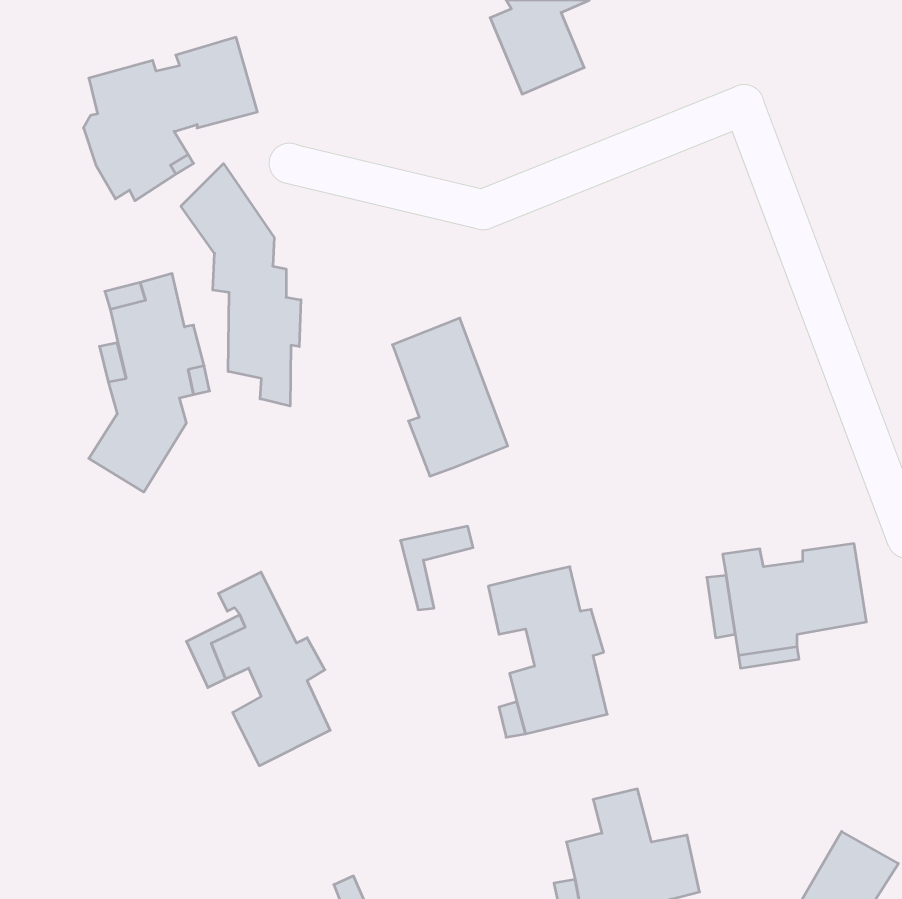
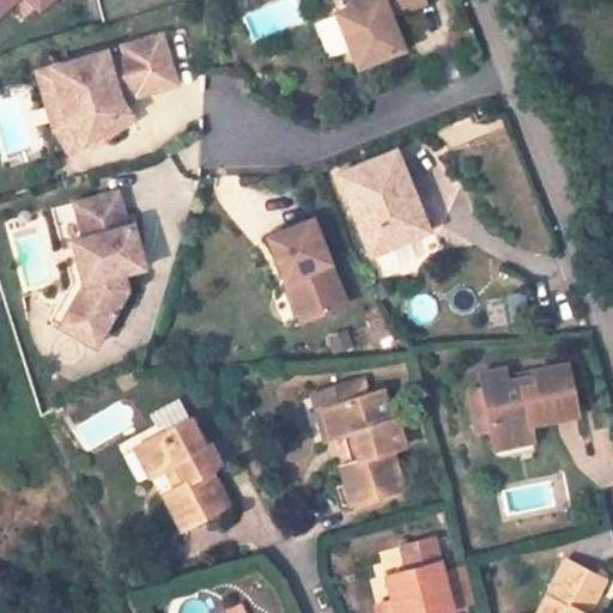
building: none -> [37,59,81,148]
building: [181,164,301,406] -> none
building: none -> [335,151,427,253]
building: [400,526,473,610] -> [317,378,366,435]

